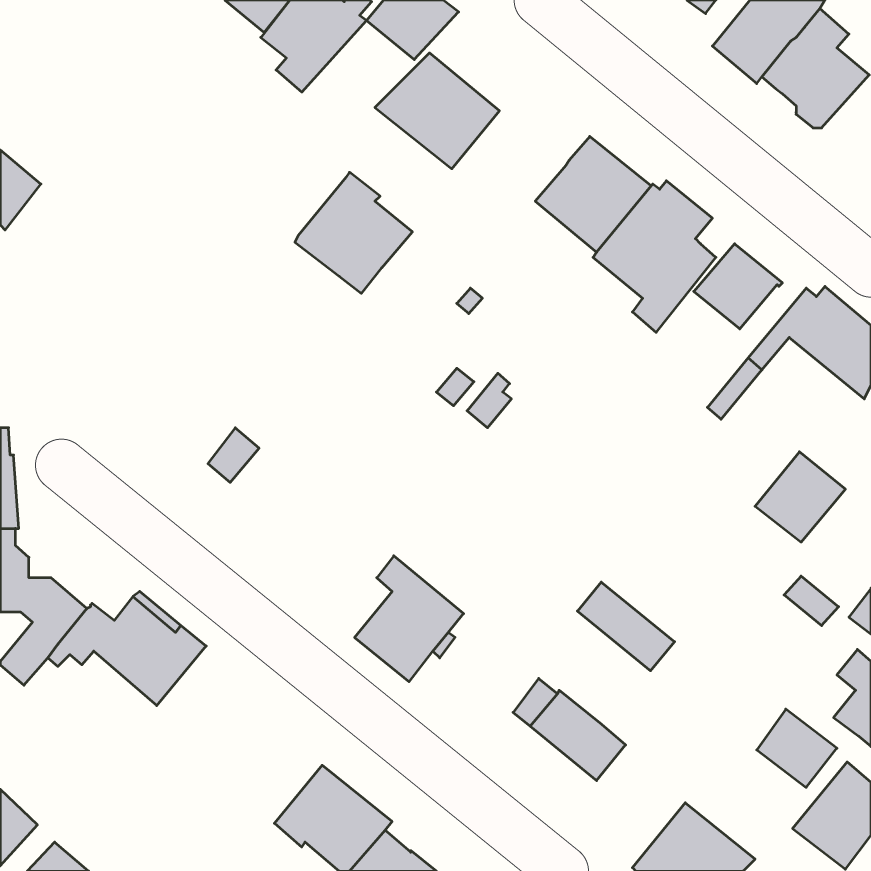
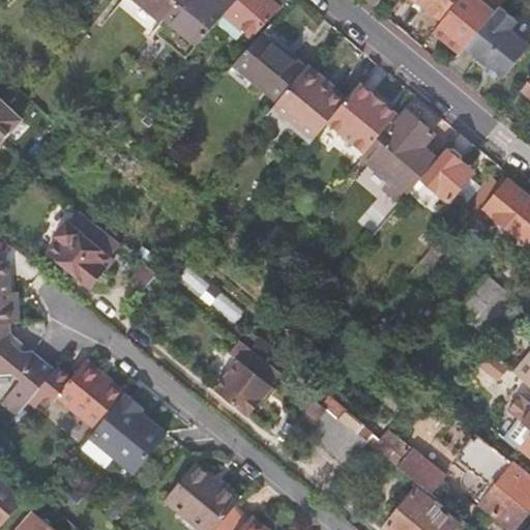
building: [295,172,412,293] -> [272,64,344,138]
building: none -> [47,209,121,286]
building: [577,582,675,671] -> [398,448,457,502]
building: none -> [91,393,165,470]

